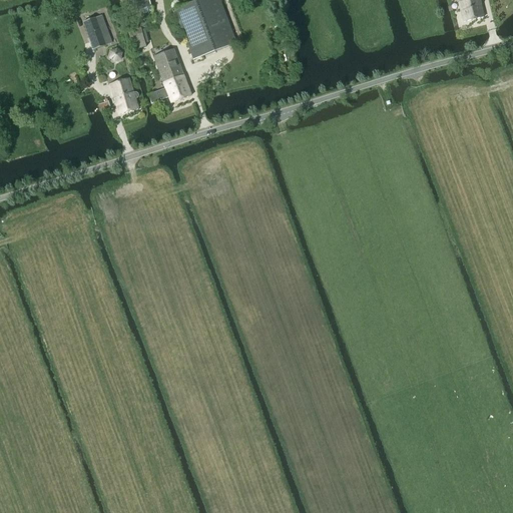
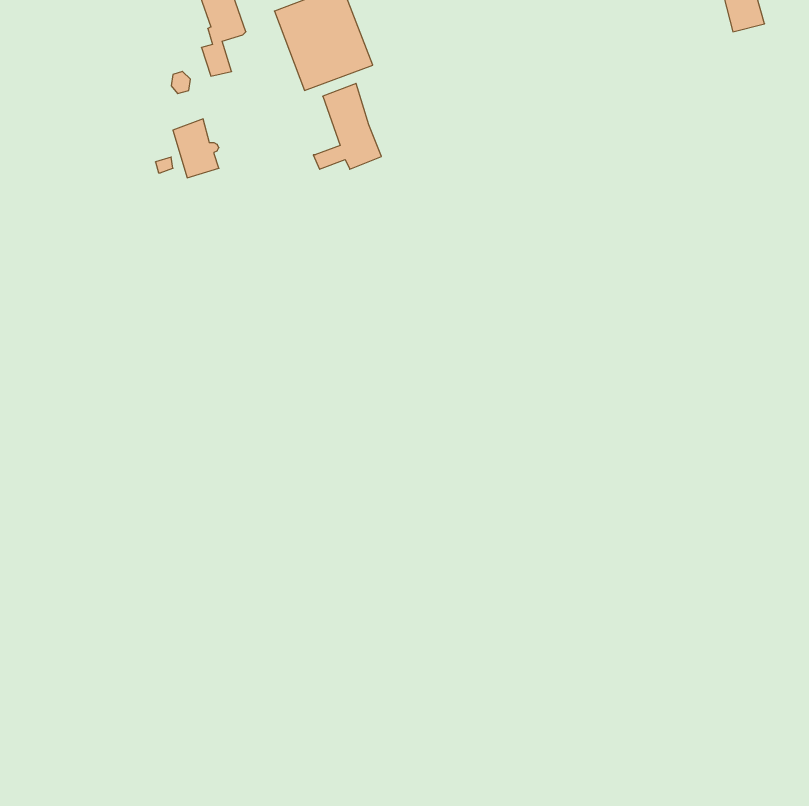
building: [83,13,113,48] -> none
building: [148,47,191,101] -> [313,83,381,169]

